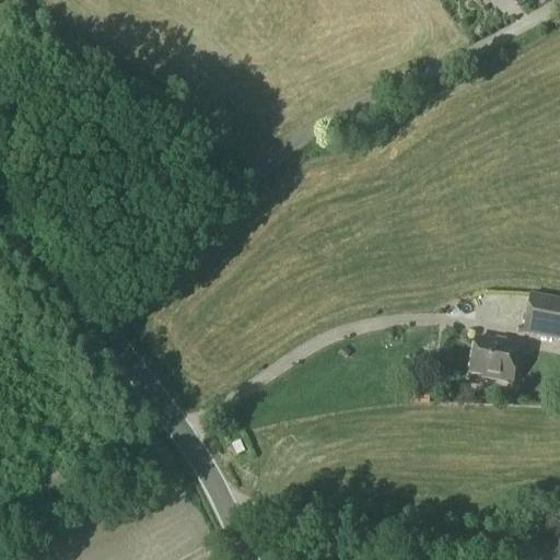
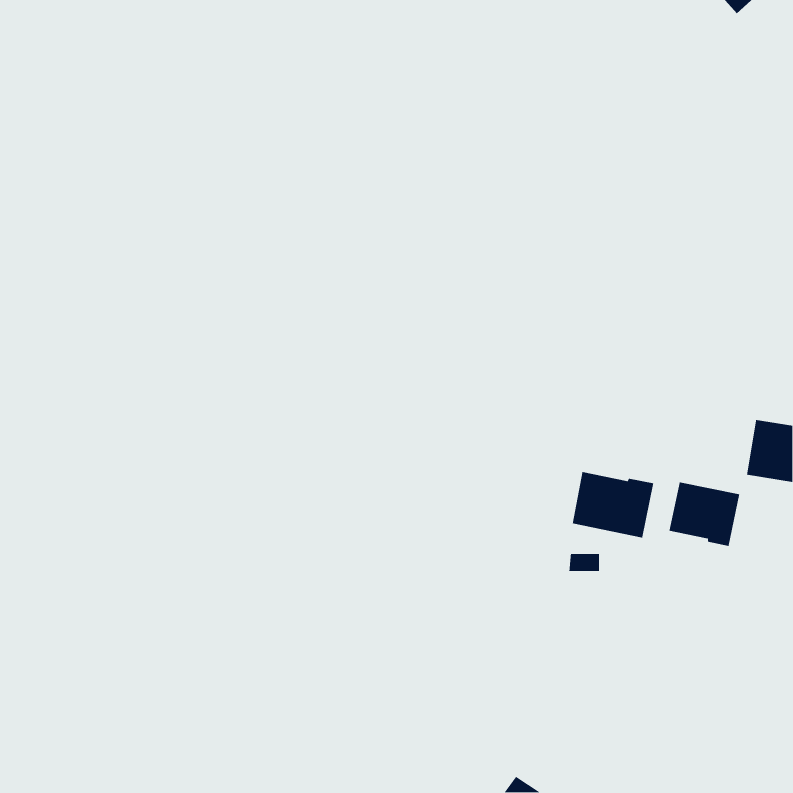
building: none -> [572,471,654,538]

